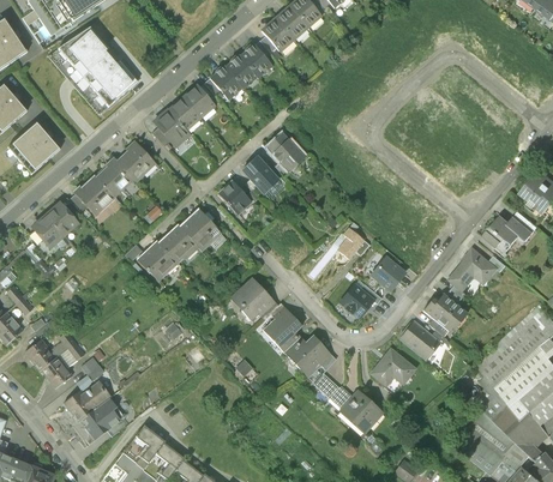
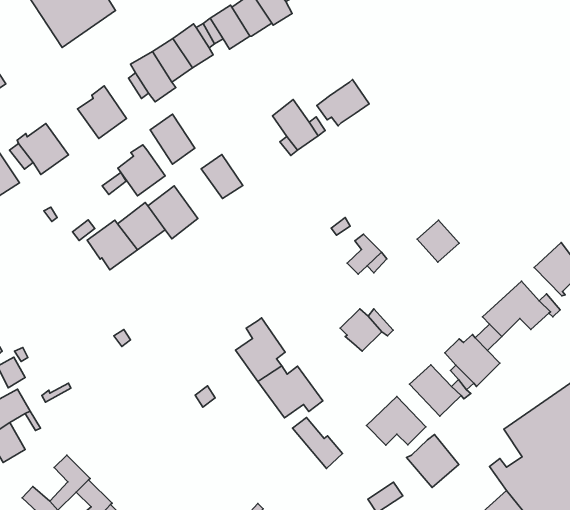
building: none -> [317,79,369,126]
building: [242,155,278,193] -> [150,114,195,164]
building: [96,157,133,197] -> [118,145,165,196]
building: [371,258,403,290] -> [417,220,459,262]
building: [228,277,276,320] -> none
building: [339,393,380,434] -> [406,435,459,488]

